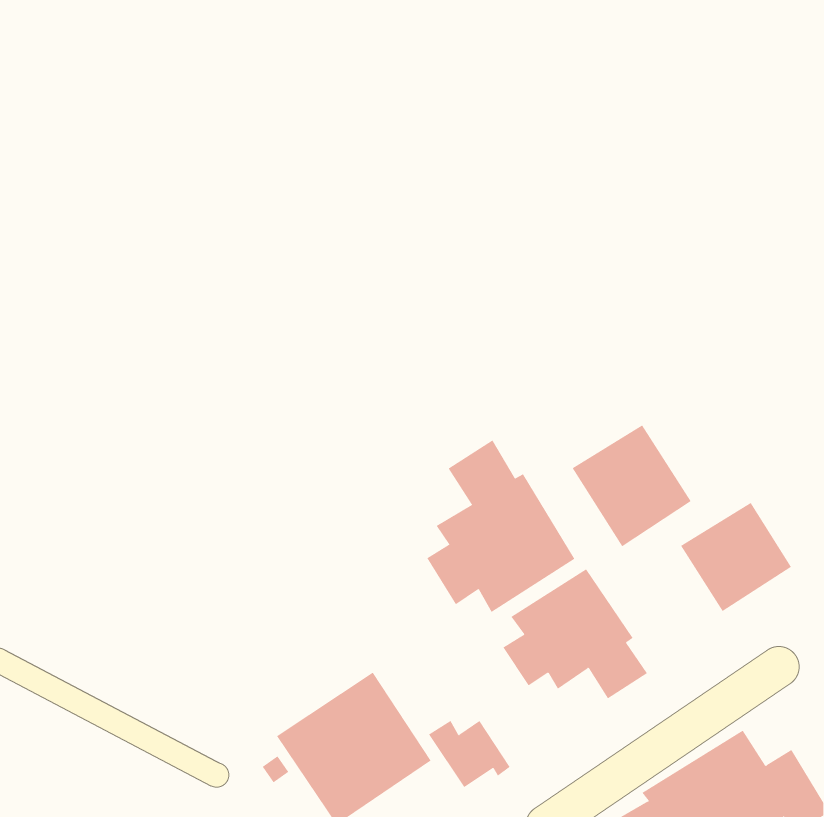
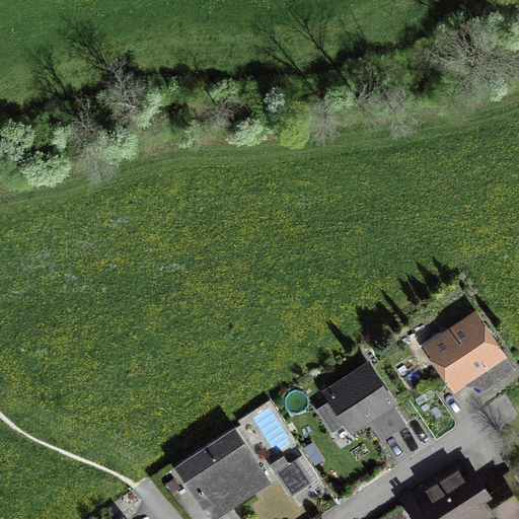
building: [572,425,692,547] -> none
building: [427,440,575,613] -> none

